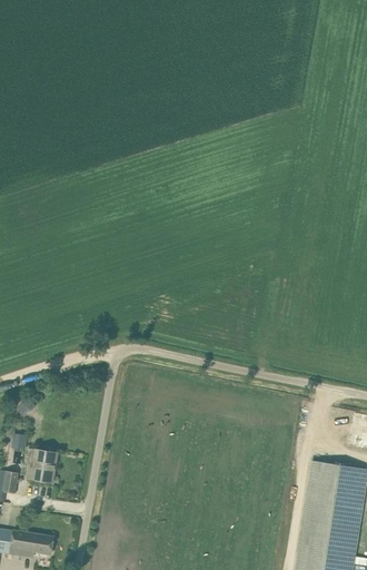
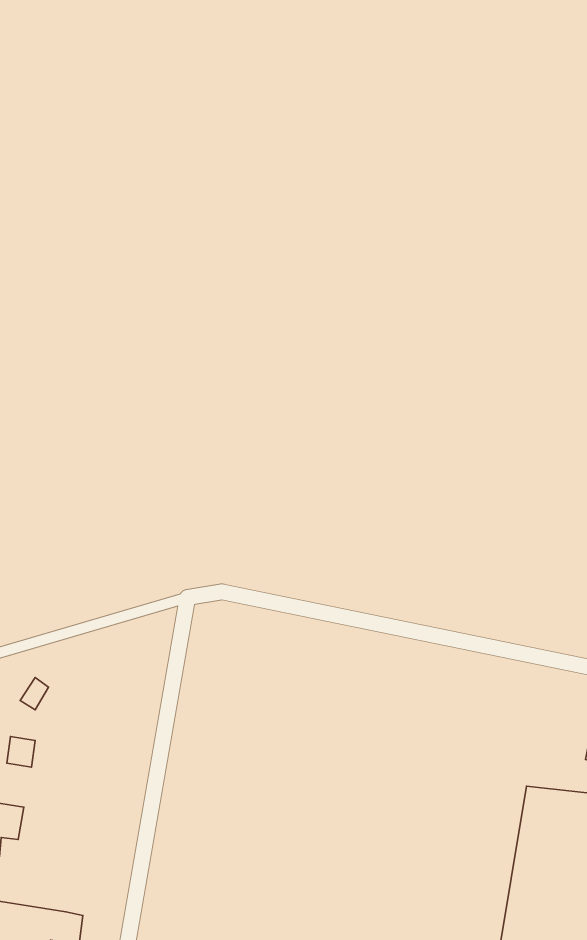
building: [30,450,58,482] -> none

